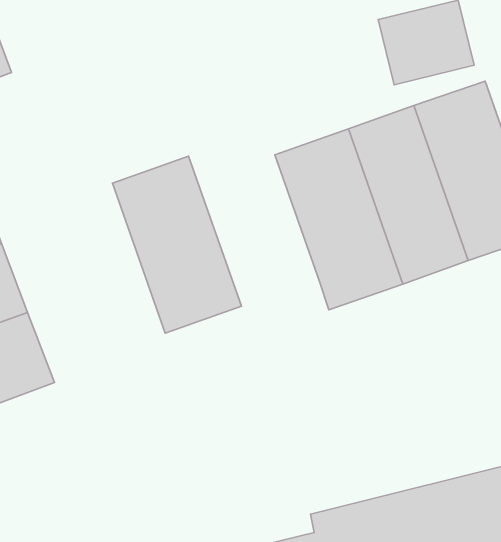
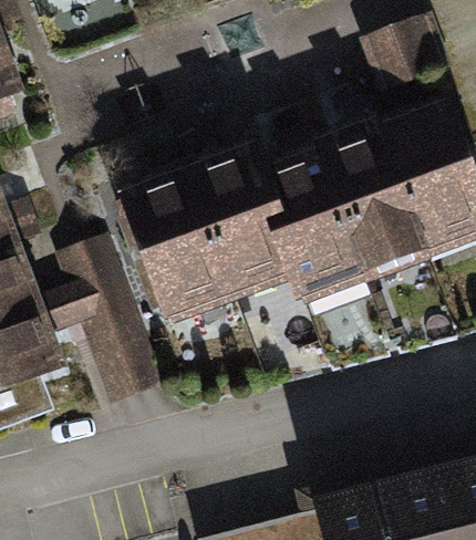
building: none -> [189,150,307,310]
building: none -> [53,248,161,416]

